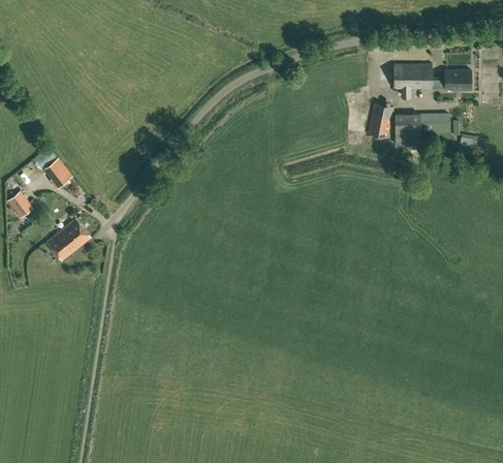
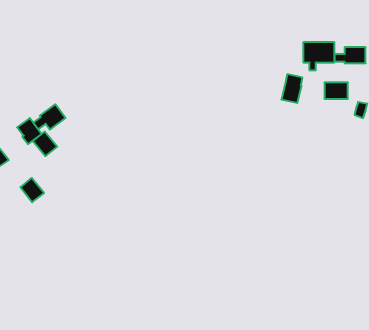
building: [394,114,420,146] -> none
building: none -> [33,104,65,130]
building: [61,219,91,249] -> [33,132,57,156]

